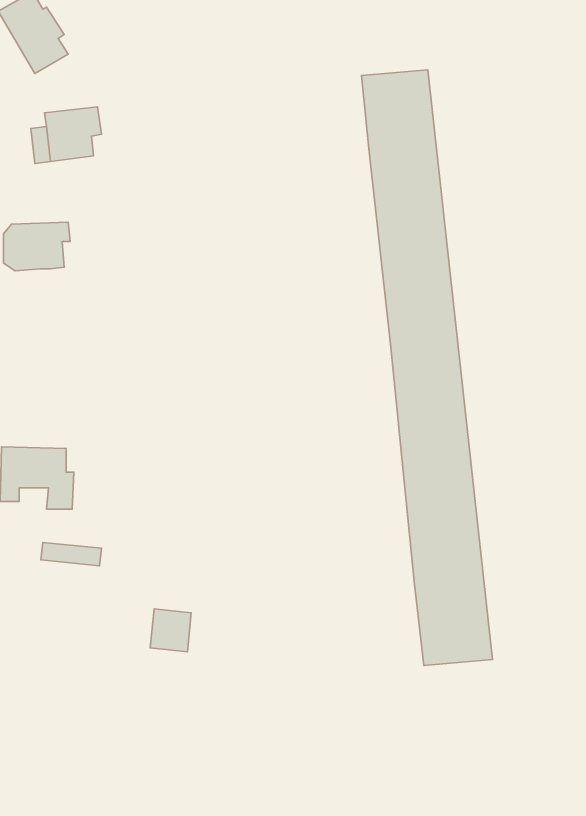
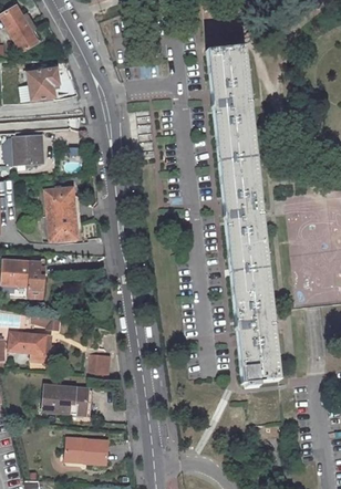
building: none -> [45,186,78,238]
building: none -> [10,331,53,358]
building: none -> [43,383,89,414]
building: none -> [64,435,107,461]

